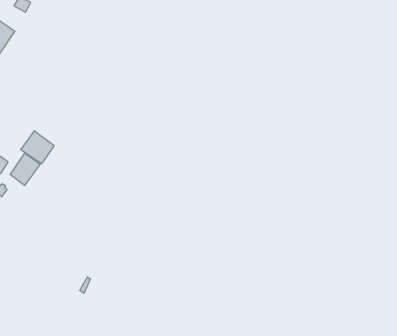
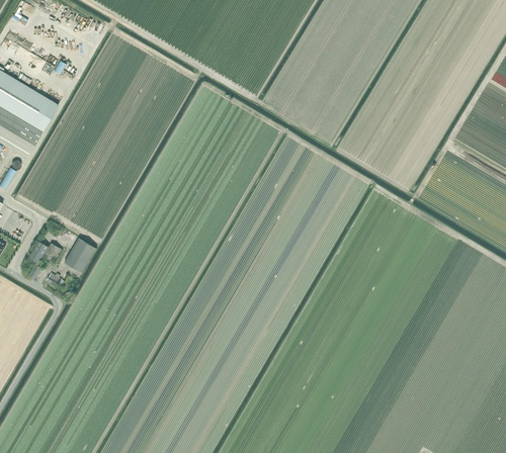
building: [21,131,54,164] -> none

